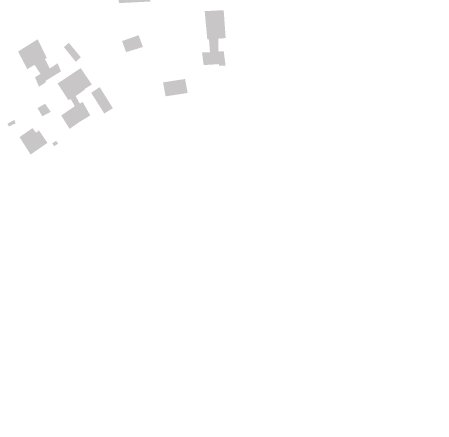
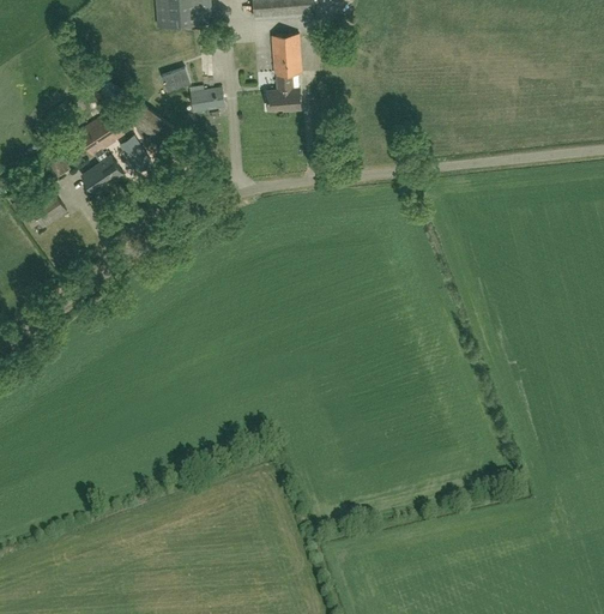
building: [17,38,62,88] -> none
building: none -> [127,101,173,143]
building: [162,79,188,97] -> [191,88,225,112]

